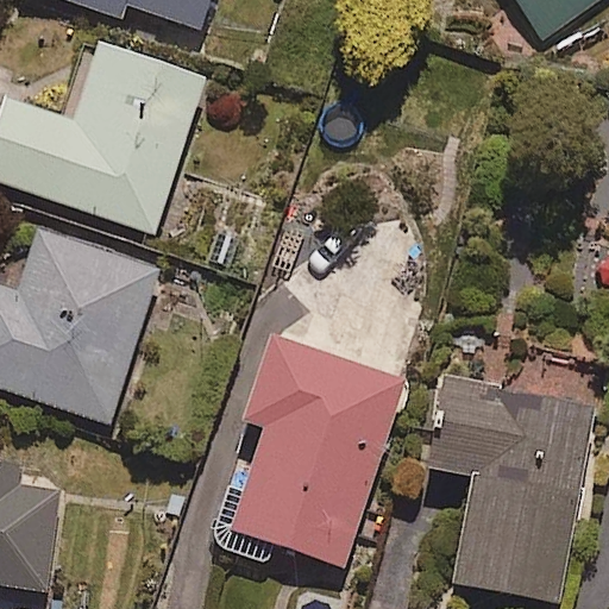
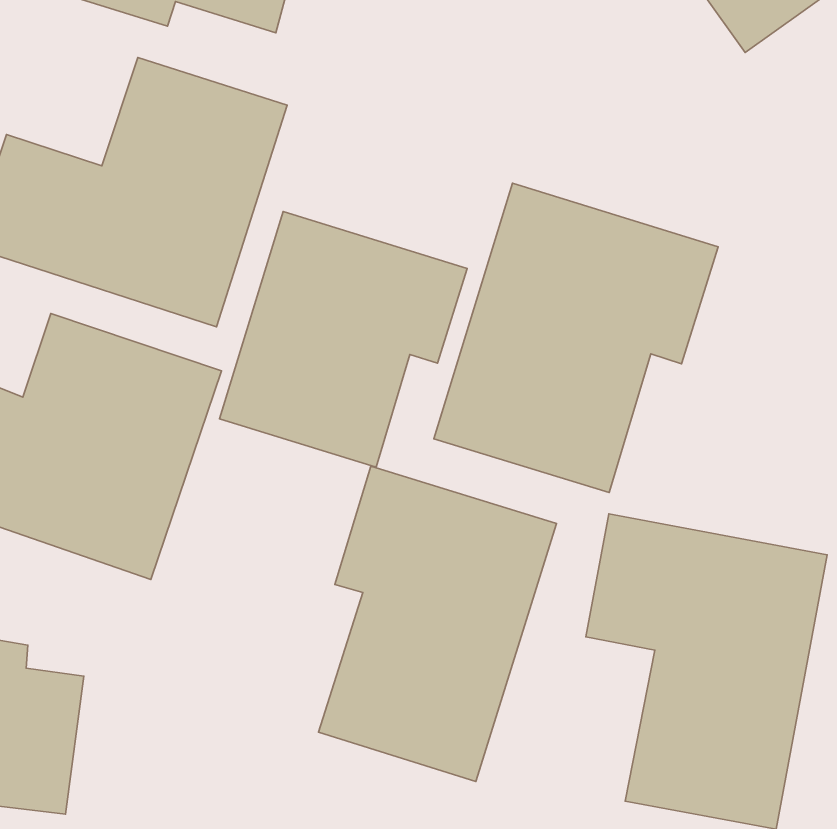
building: none -> [434,183,718,493]
building: none -> [219,212,467,467]

